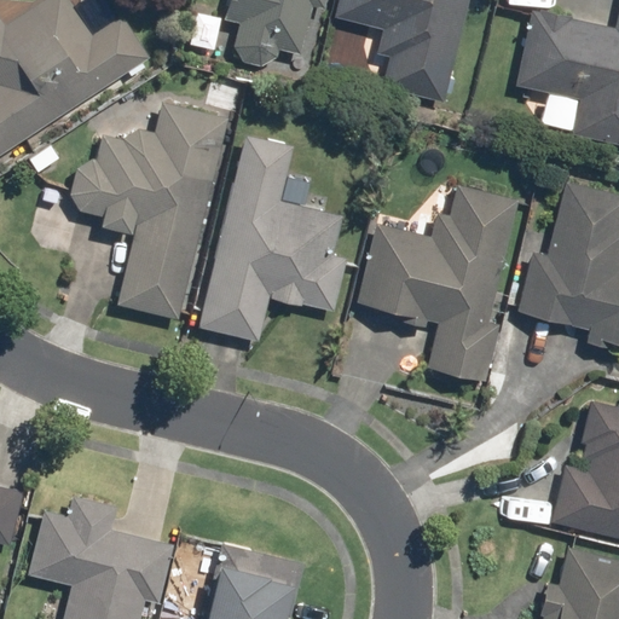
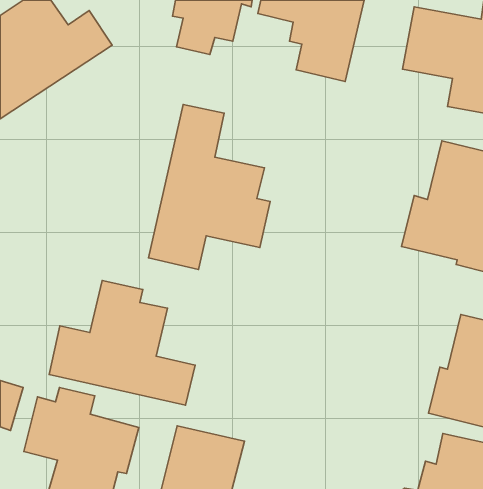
building: [59,100,227,320] -> none
building: [354,183,516,382] -> none
building: none -> [49,281,195,405]

